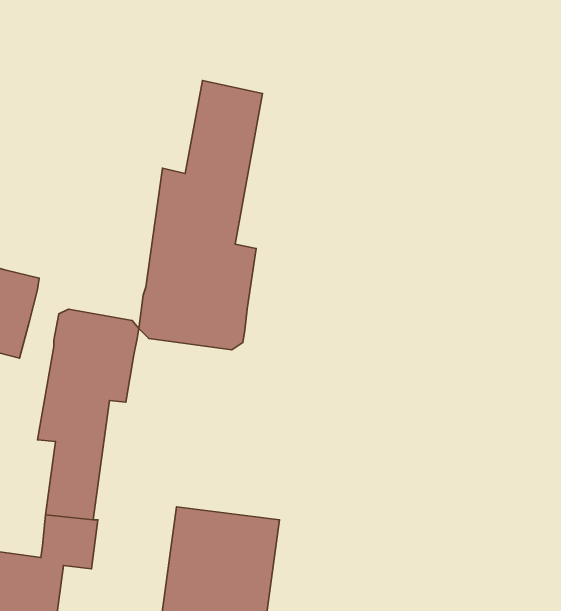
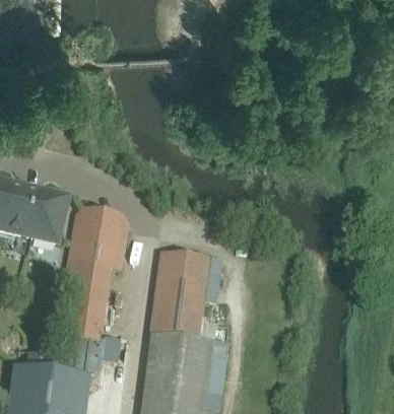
building: [139,81,263,350] -> none
building: none -> [150,254,224,344]

